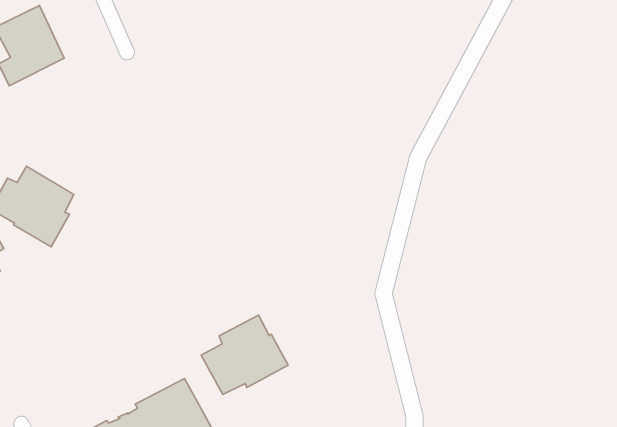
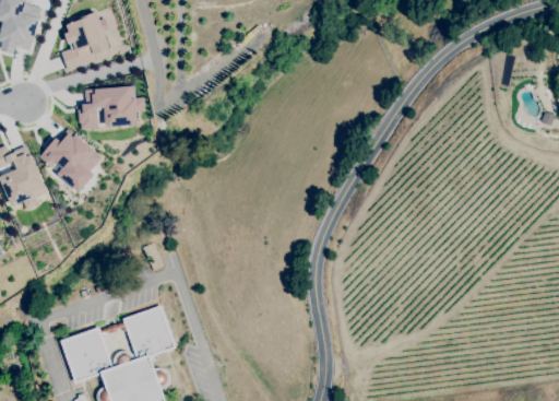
building: none -> [79,86,136,128]
building: [201,315,288,394] -> none

